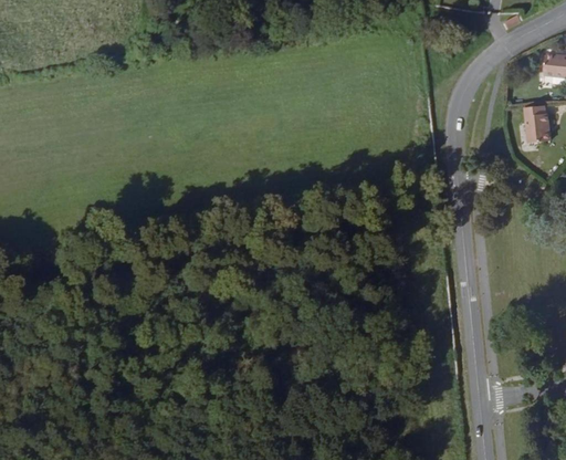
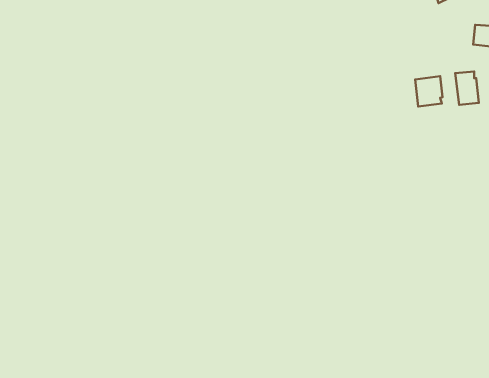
building: none -> [415,76,443,106]

